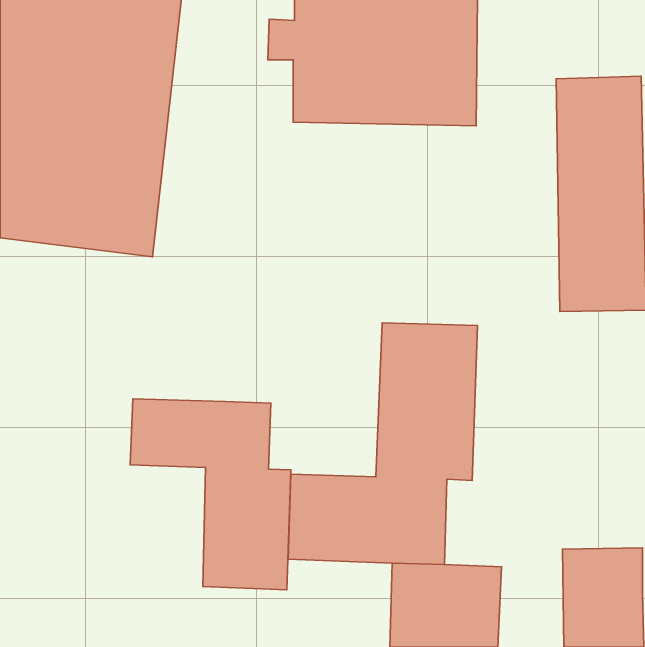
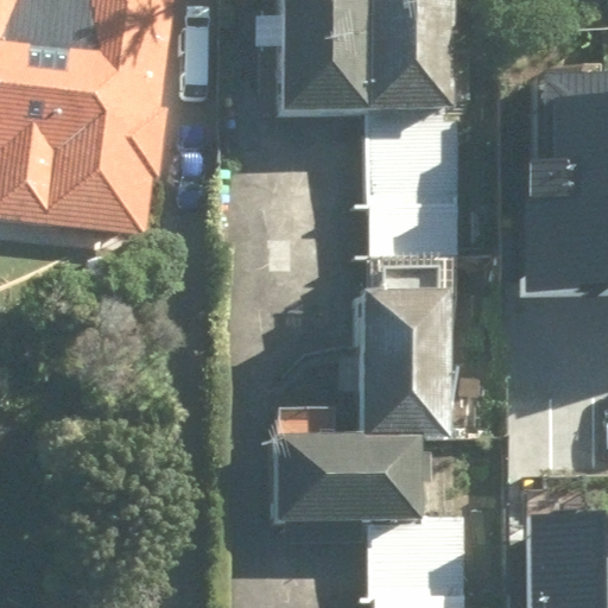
building: none -> [363,125,461,259]
building: [130,399,291,590] -> none

